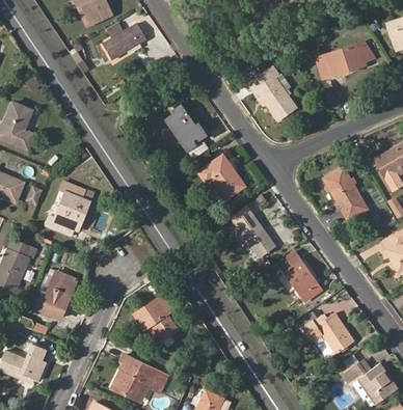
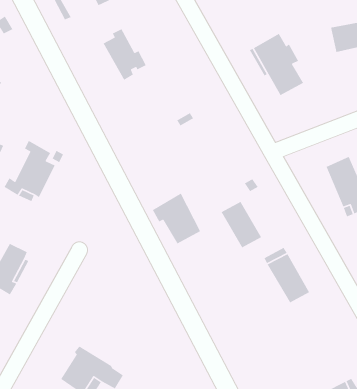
building: [165,105,206,151] -> [102,28,147,81]
building: [199,154,244,199] -> [152,192,201,245]
building: [134,294,179,339] -> none
building: [304,312,354,359] -> none

